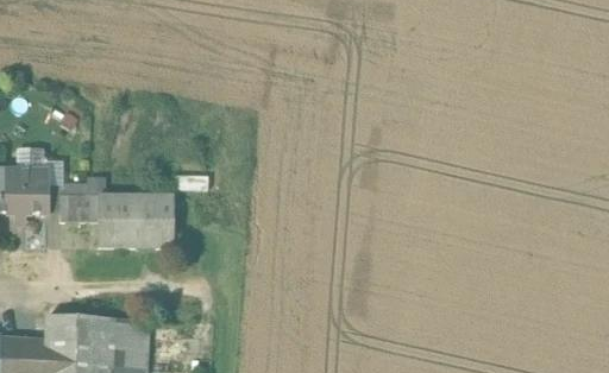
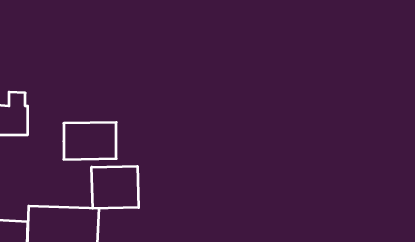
building: [59,195,98,221] -> none
building: none -> [92,166,139,208]

